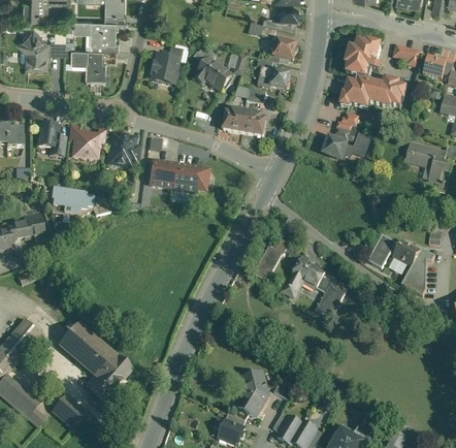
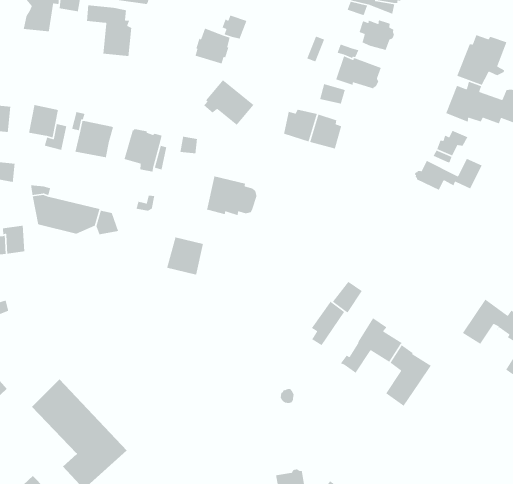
building: [196,58,233,91] -> [203,79,254,126]
building: [150,160,175,189] -> [166,236,204,278]

